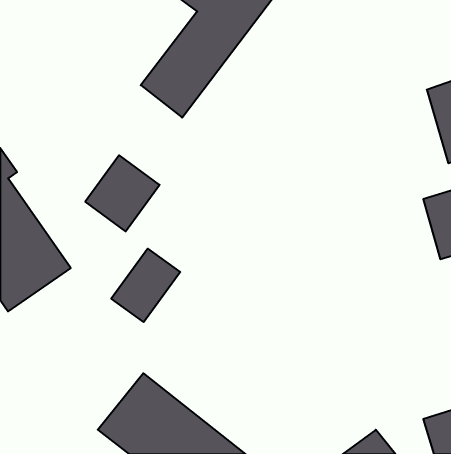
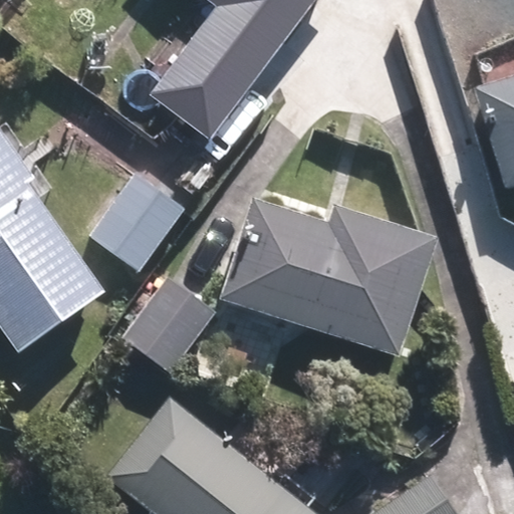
building: none -> [226,214,425,355]

